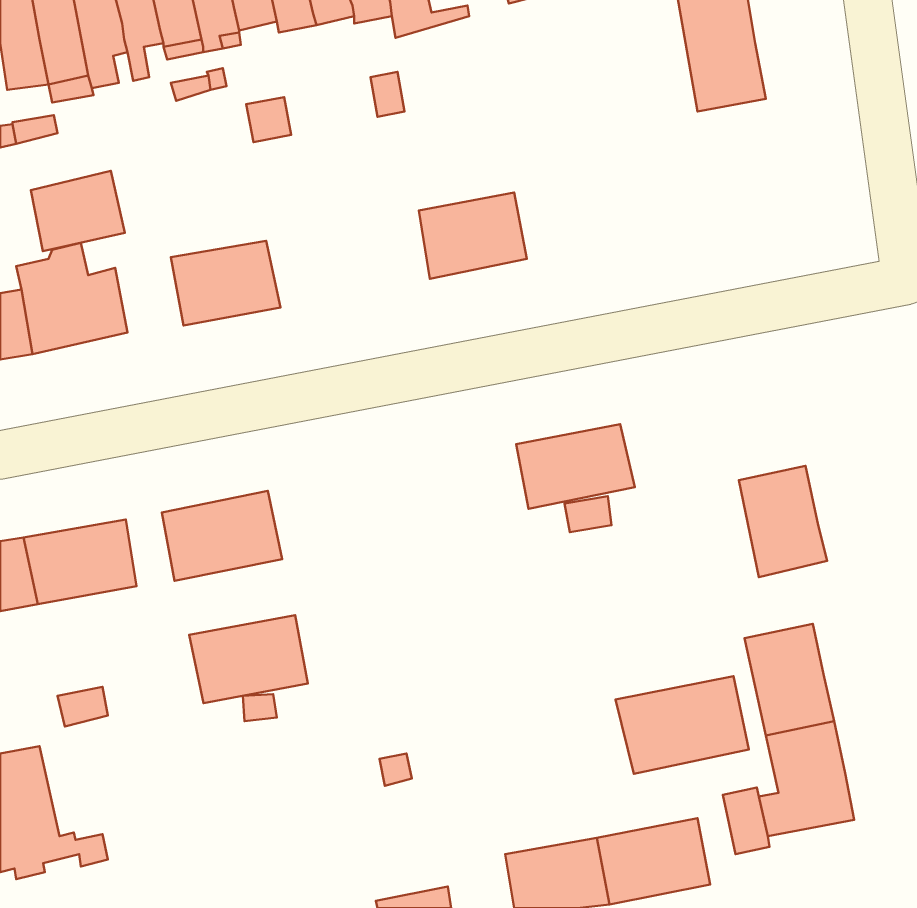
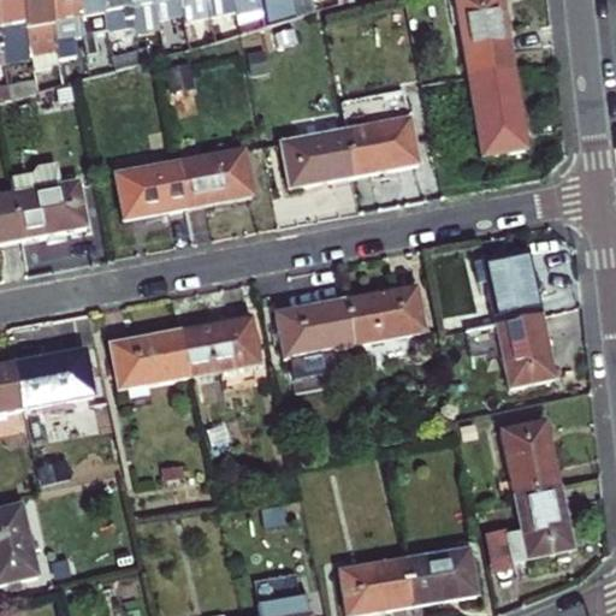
building: none -> [468,66,527,154]
building: none -> [339,85,419,173]
building: [31,171,125,251] -> none
building: none -> [179,149,253,206]
building: none -> [481,248,540,321]
building: none -> [276,297,355,375]
building: [189,615,308,703] -> [180,315,260,374]
building: [616,676,749,774] -> none

